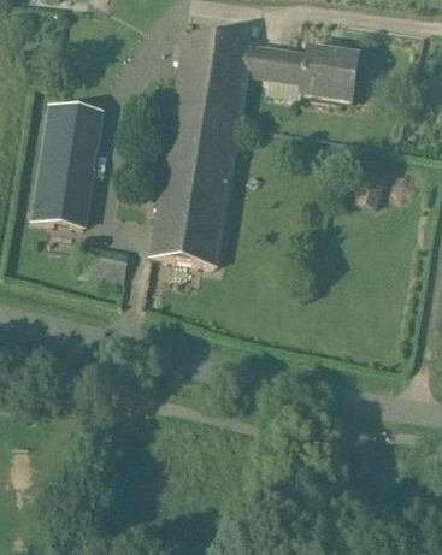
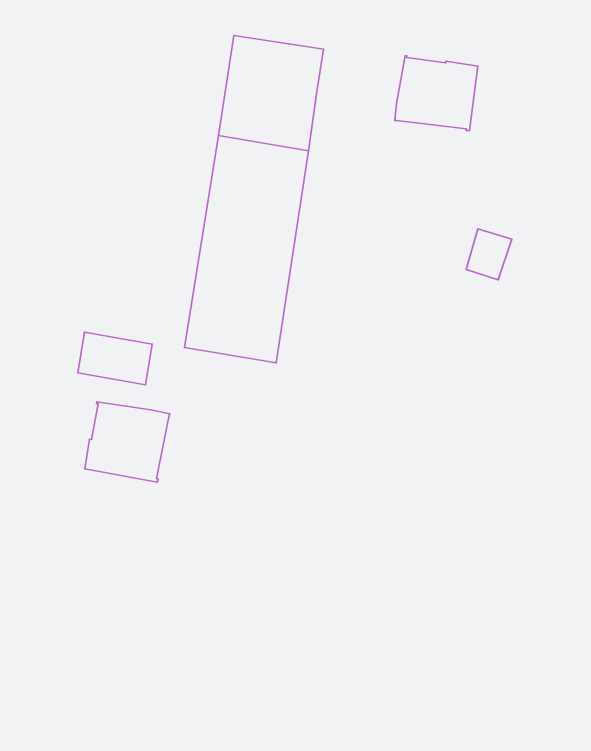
building: [246,43,307,82] -> none
building: [34,102,101,225] -> none
building: none -> [85,402,170,482]

